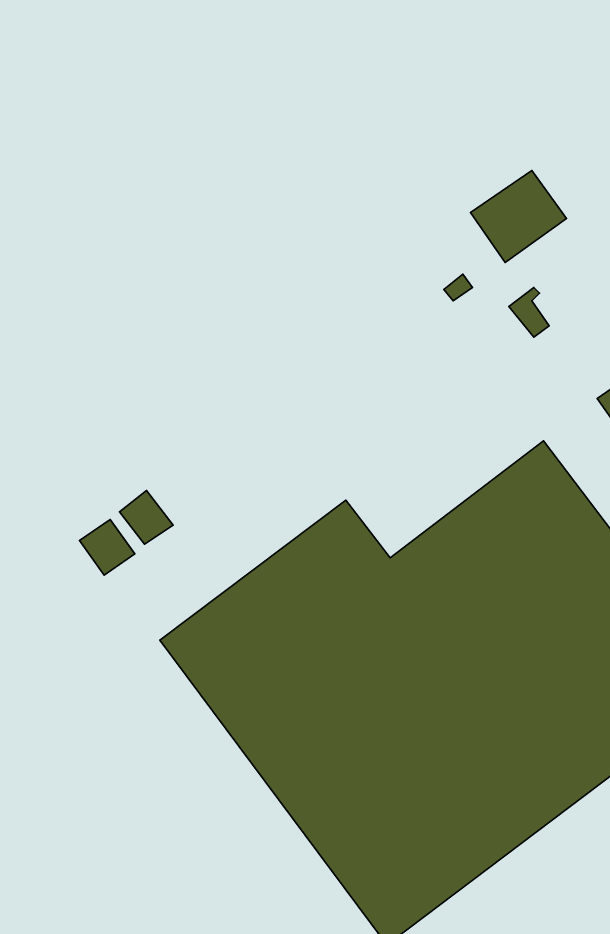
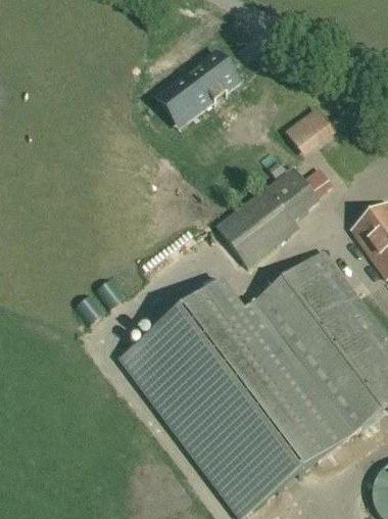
building: none -> [168,52,237,116]
building: none -> [215,168,318,267]

